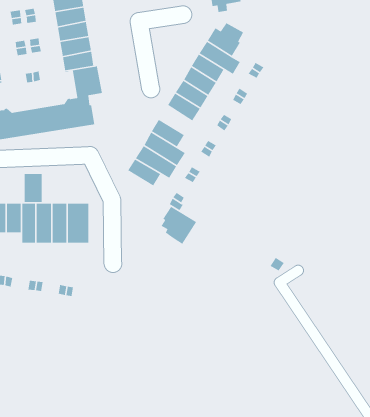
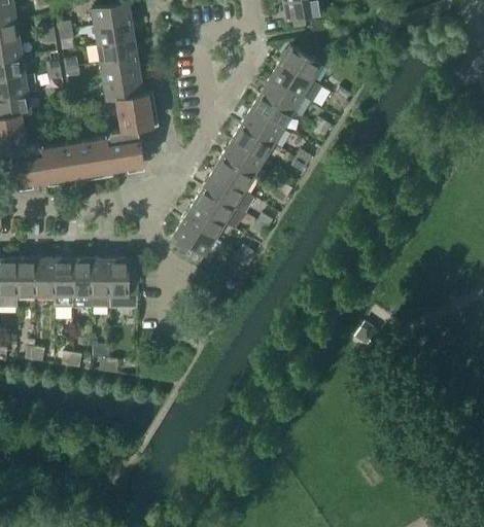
building: none -> [221,141,263,177]
building: [24,173,43,203] -> none
building: [161,206,197,245] -> [171,220,215,268]

